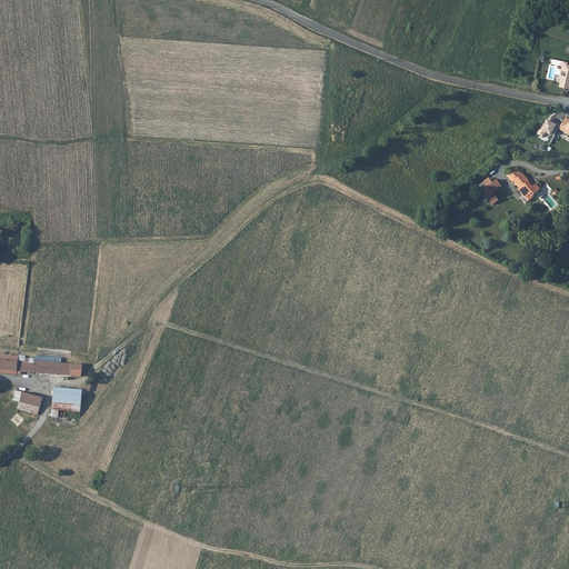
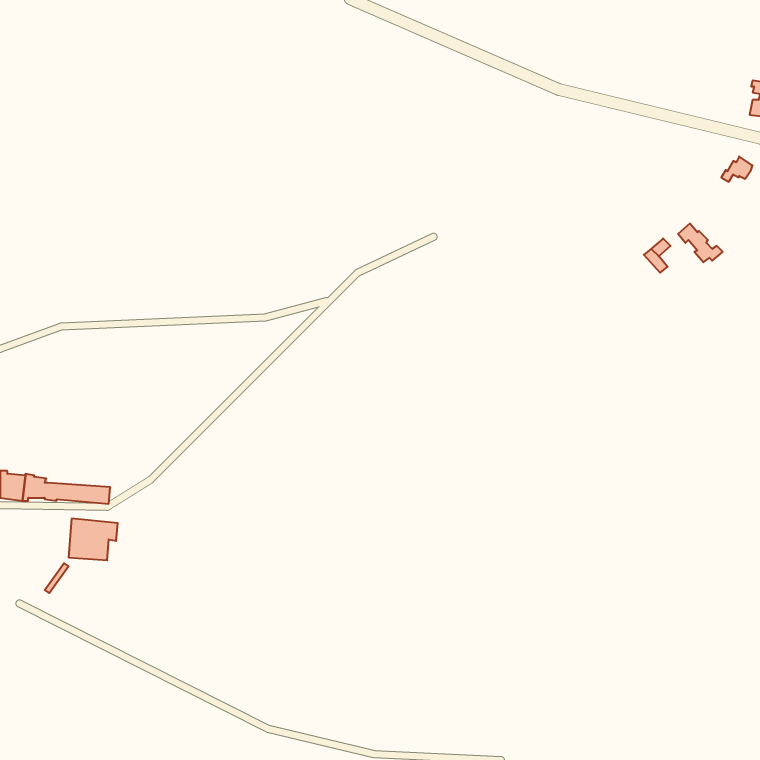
building: [13,389,43,413] -> none

